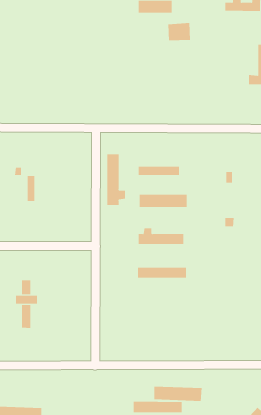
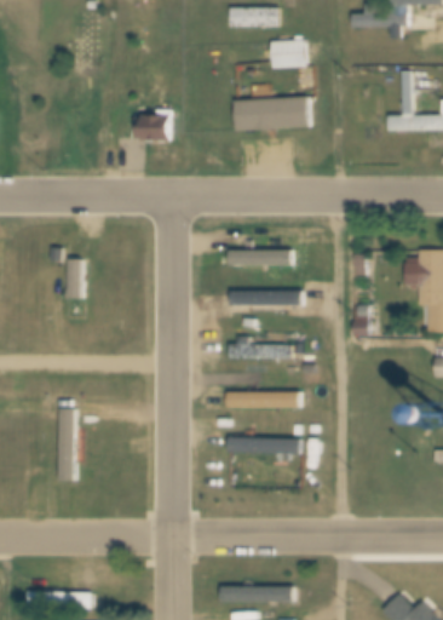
building: none -> [232,98,307,131]
building: none -> [137,117,168,140]
building: [107,154,126,206] -> none
building: [154,386,202,401] -> [228,436,298,458]

